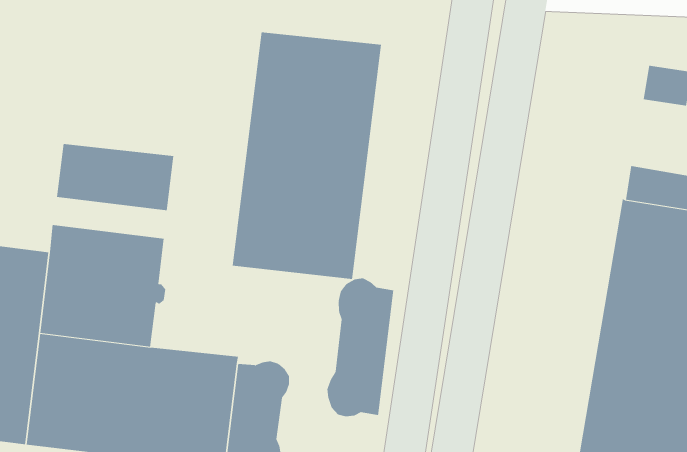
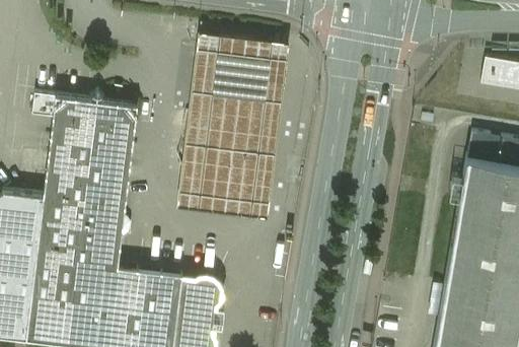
building: none -> [53,93,137,127]
building: none -> [45,157,130,188]
building: [327,278,394,417] -> none

